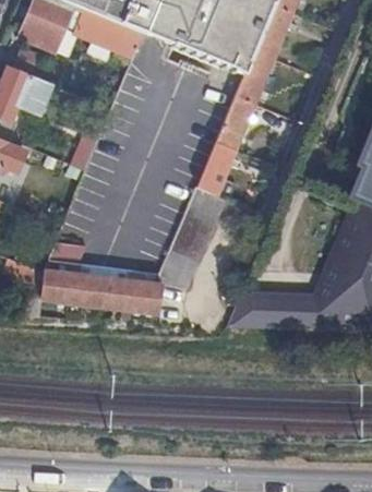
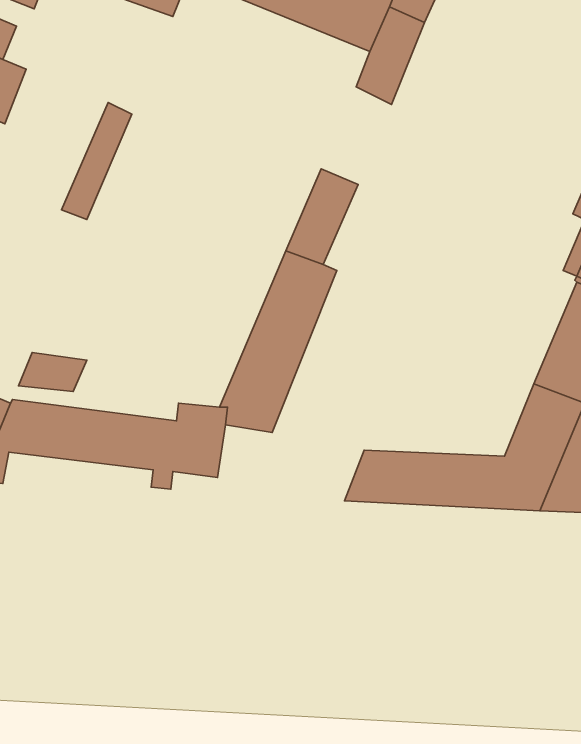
building: [216,95,255,149] -> none

